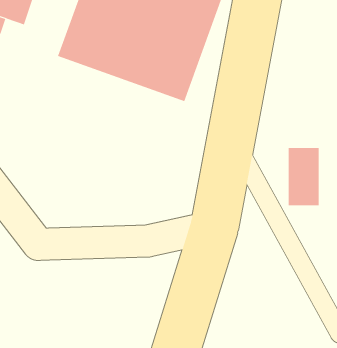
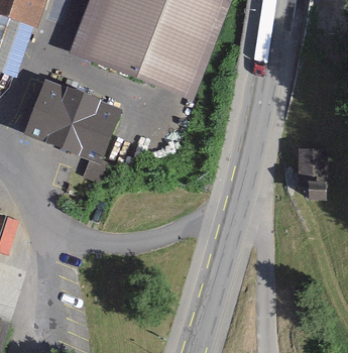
building: none -> [22,76,127,168]

